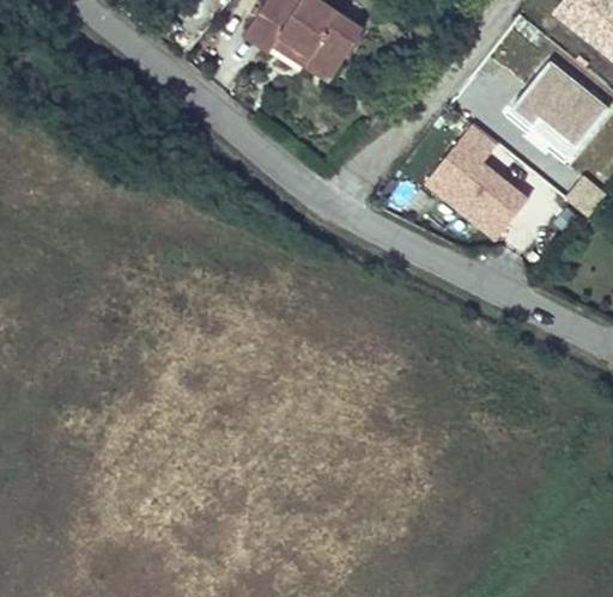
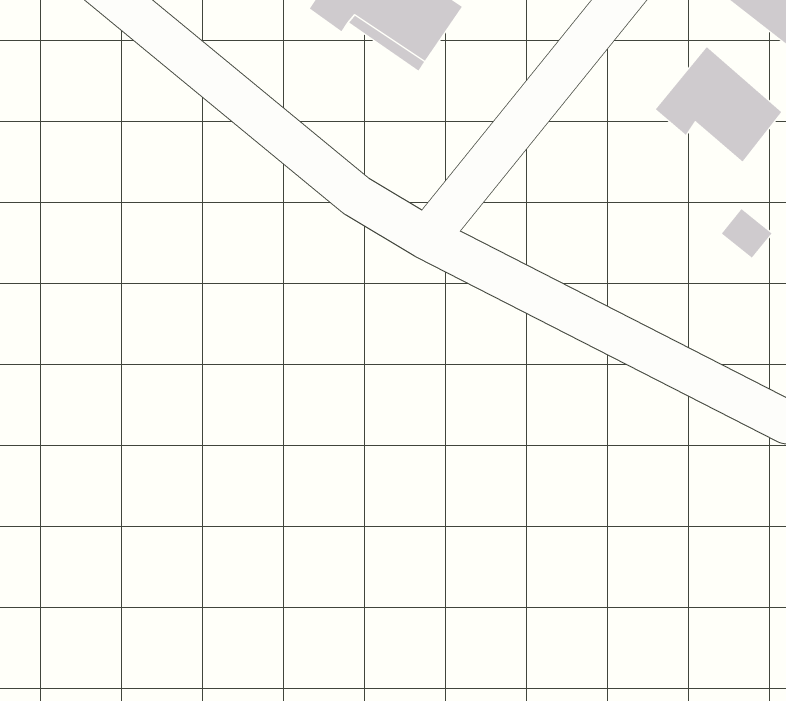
building: [423,127,526,240] -> none

